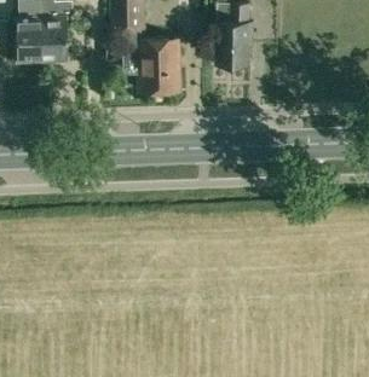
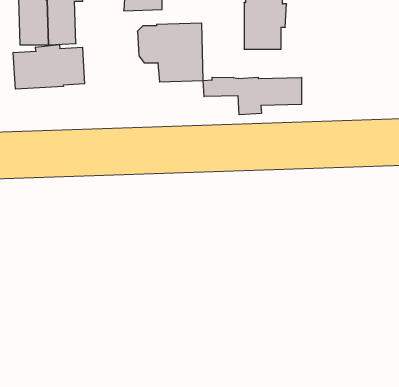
building: none -> [13,44,85,89]
building: none -> [203,77,302,115]

